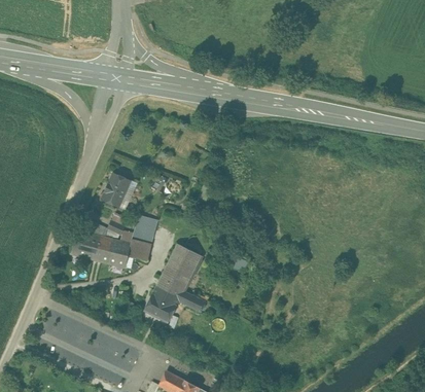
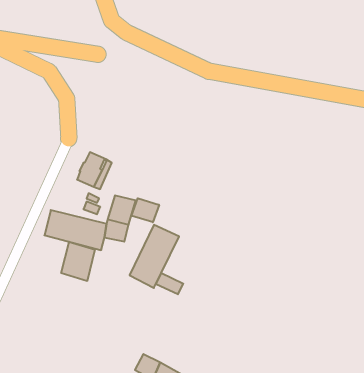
building: none -> [131,198,159,222]
building: none -> [61,242,95,281]
building: [143,293,176,322] -> none

